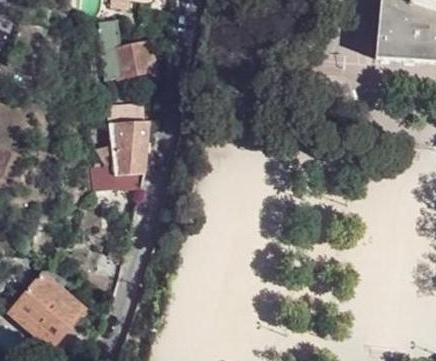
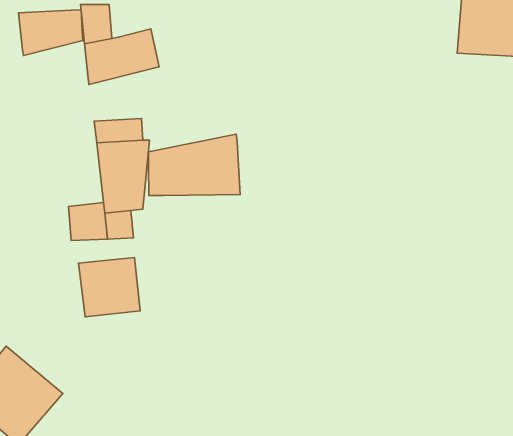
building: none -> [19,10,83,55]
building: none -> [148,134,240,195]
building: none -> [79,257,140,317]

